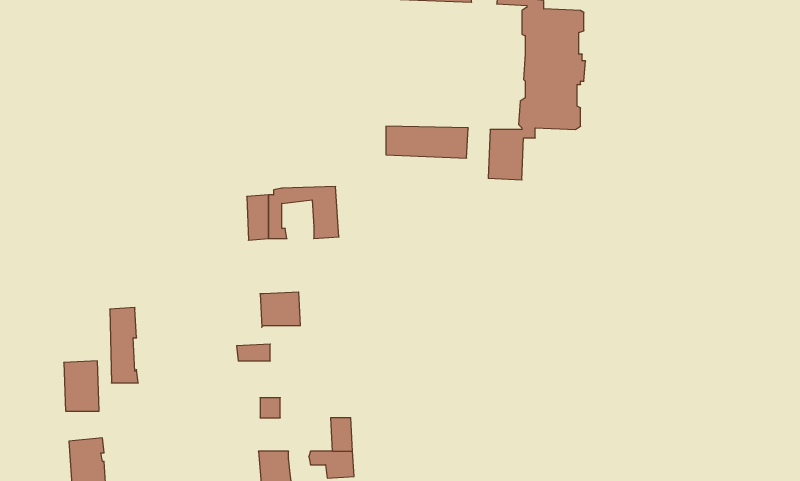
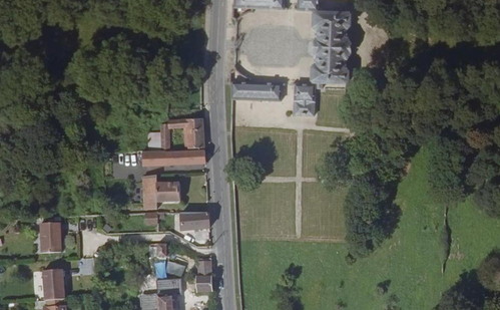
building: none -> [166,148,204,165]
building: [110,308,138,383] -> [142,164,159,209]
building: none -> [180,212,208,230]

